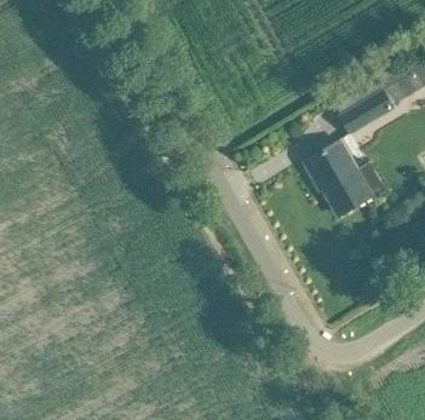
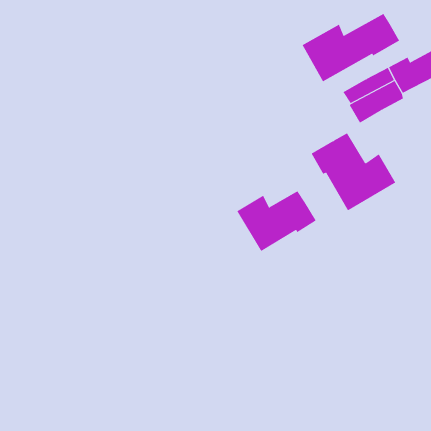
building: none -> [302,13,400,82]
building: none -> [237,191,316,252]

